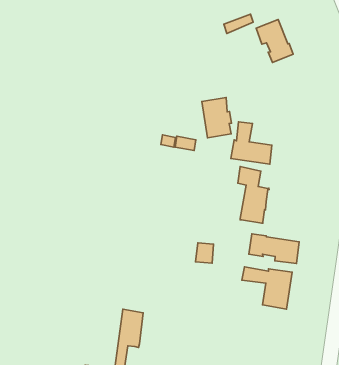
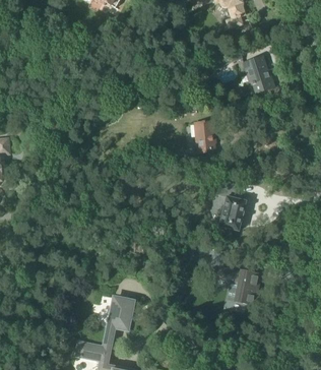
building: [231,122,272,164] -> none
building: [249,234,299,263] -> none

